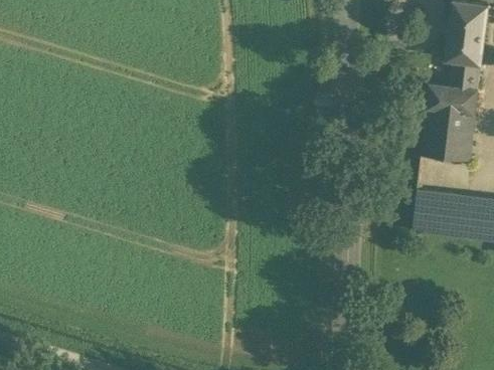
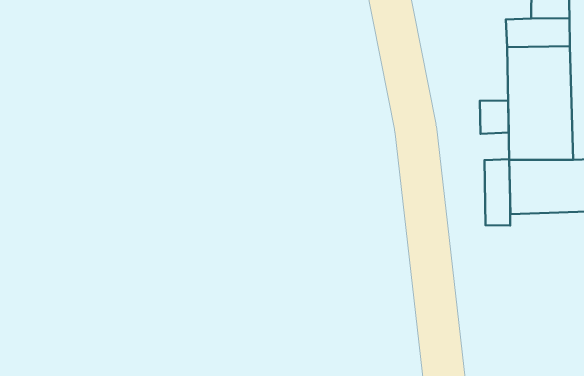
building: none -> [480,101,509,134]
building: none -> [484,159,510,226]

